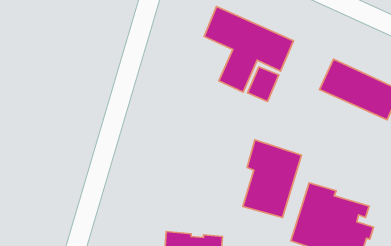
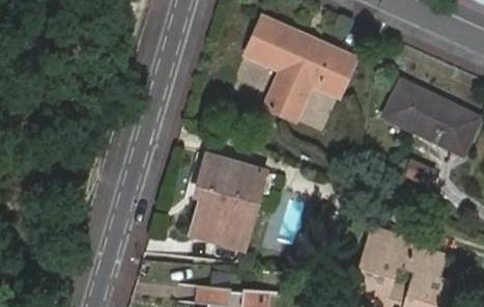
building: [243,140,302,218] -> [195,156,265,249]

